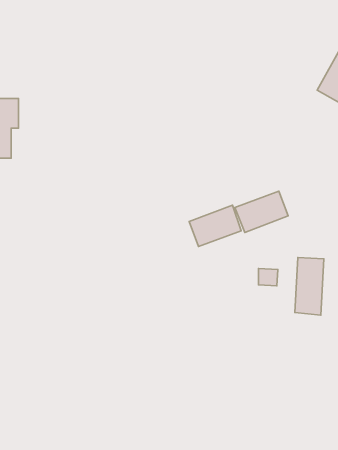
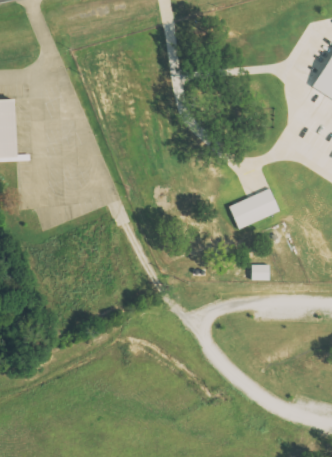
building: [189,205,241,247] -> none
building: [295,257,324,315] -> none

